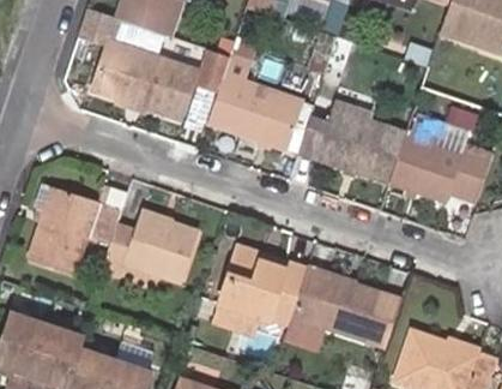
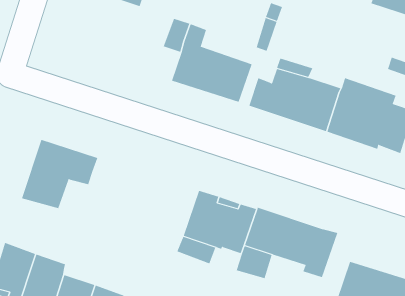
building: [95,48,195,125] -> none
building: [108,216,200,281] -> none

